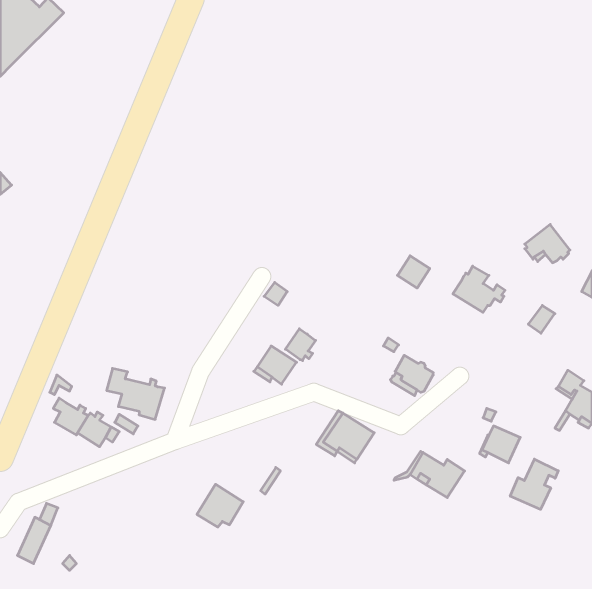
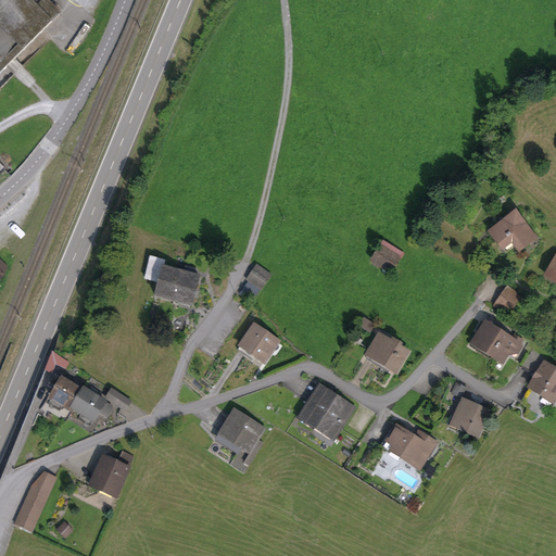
building: [453,266,505,312] -> [473,316,522,359]
building: [285,329,316,361] -> none
building: [107,368,165,419] -> [146,256,200,304]
building: [510,459,558,509] -> none
building: none -> [92,451,132,492]
building: [197,484,243,527] -> [218,410,262,451]

